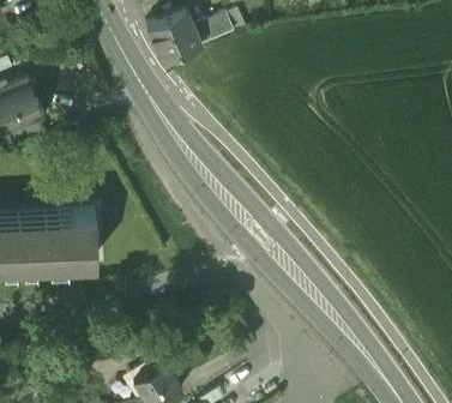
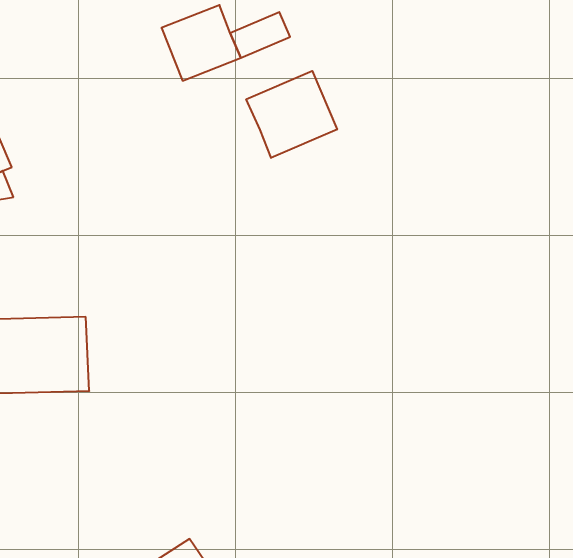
building: none -> [246,71,337,158]

